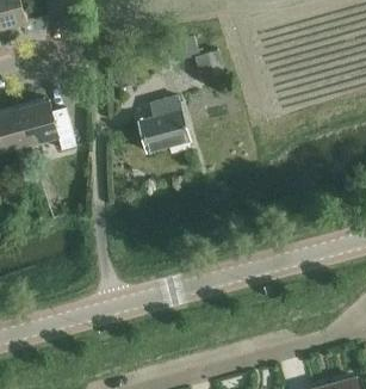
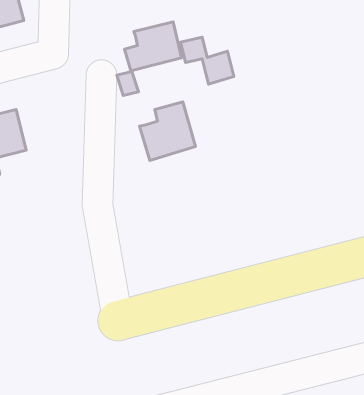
building: none -> [125,22,182,71]
building: [20,99,77,152] -> none

